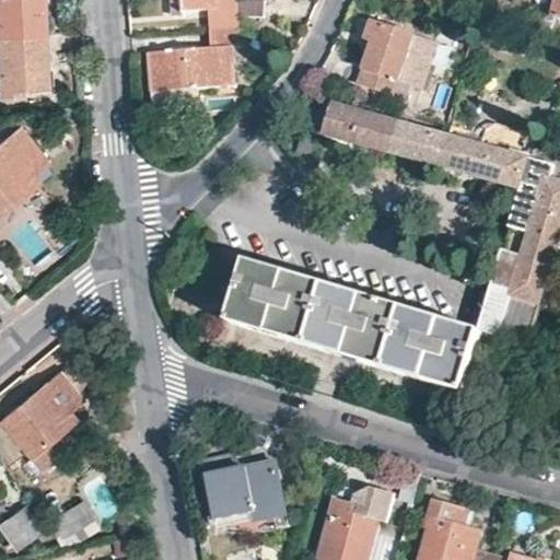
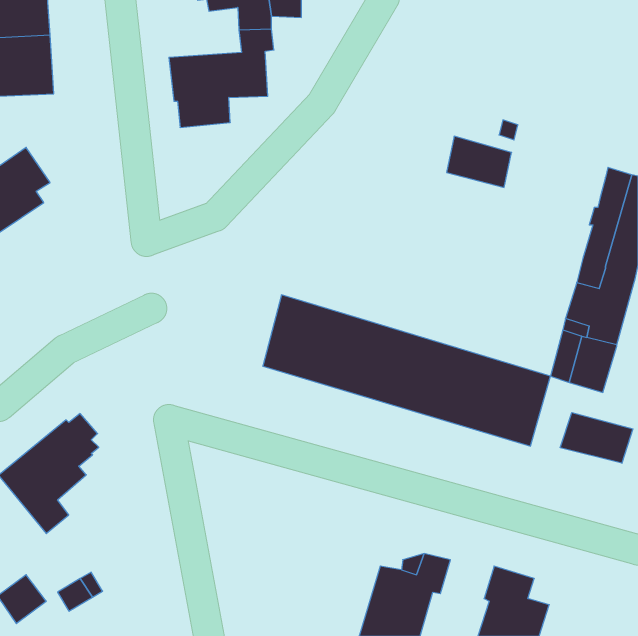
building: [358,19,424,98] -> none
building: [324,101,397,151] -> none
building: [441,133,529,182] -> none
building: none -> [560,413,633,463]
building: [197,452,285,520] -> none

